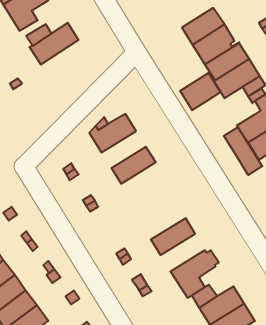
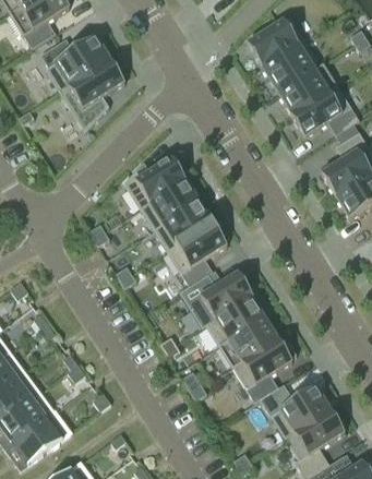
building: none -> [59,59,124,131]
building: [180,73,221,110] -> none
building: [224,127,262,175] -> none
building: none -> [140,180,199,229]
building: none -> [166,221,226,286]
building: none -> [194,272,252,324]
building: none -> [218,316,277,367]

